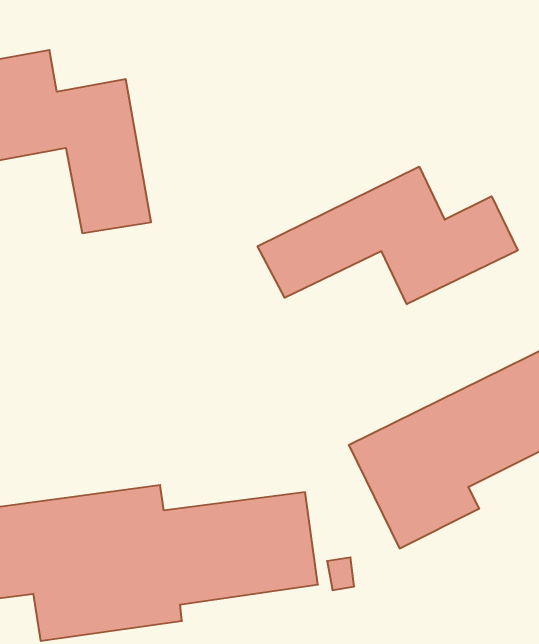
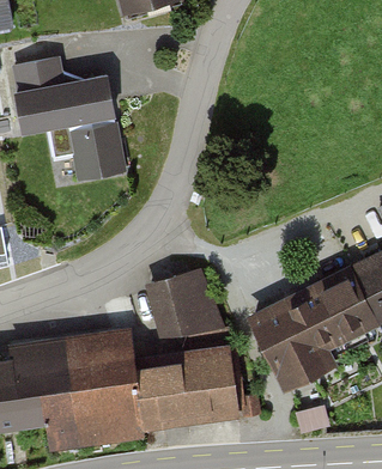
building: [258,167,518,304] -> none
building: none -> [151,270,214,328]

